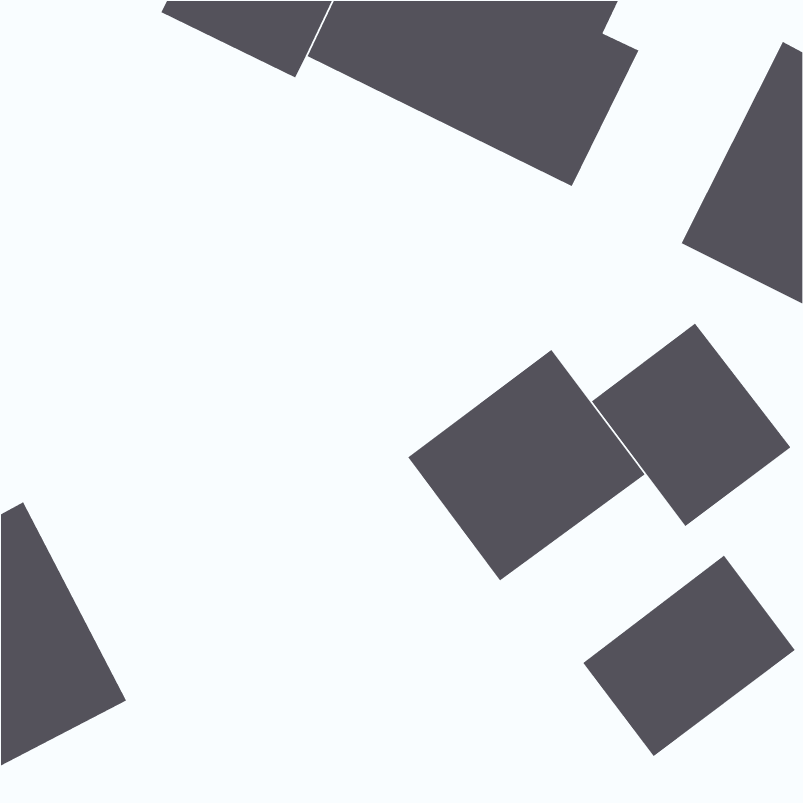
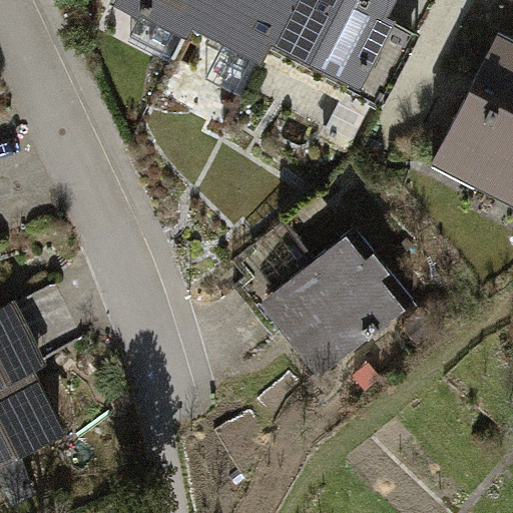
building: [591,322,791,527] -> none
building: [582,554,796,757] -> none

